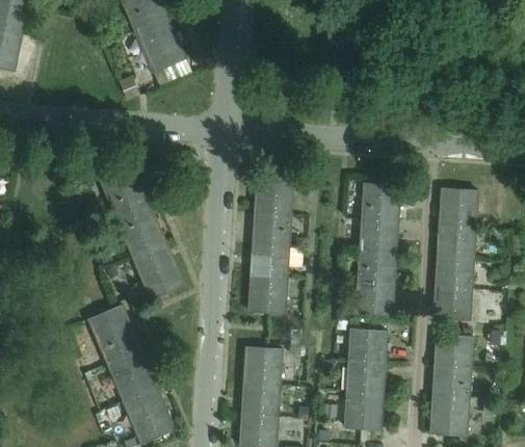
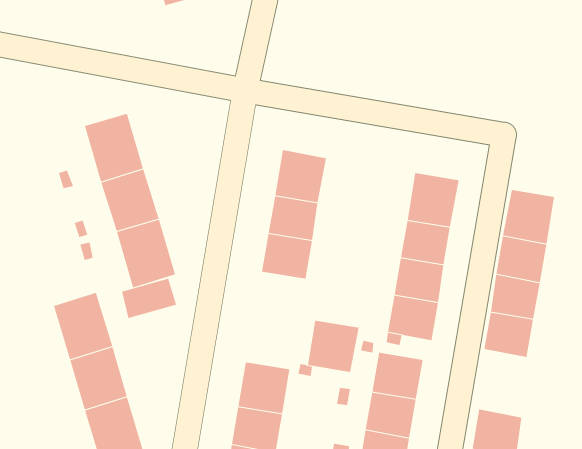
building: [248,275,287,314] -> [307,320,360,372]
building: none -> [121,278,177,319]
building: [435,335,472,369] -> none

